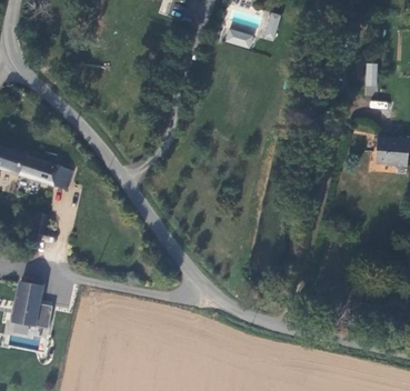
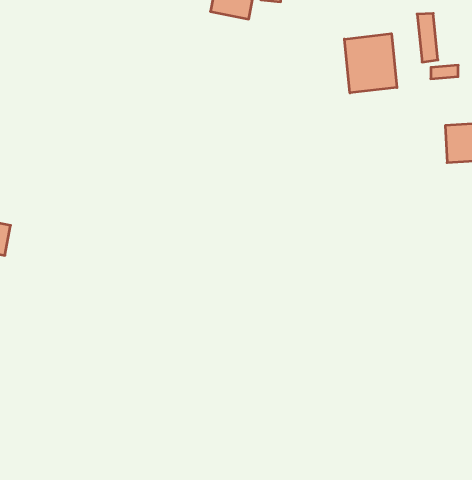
building: none -> [344,34,397,93]

